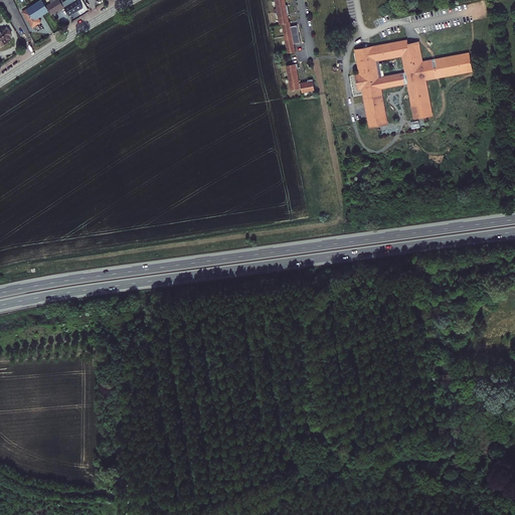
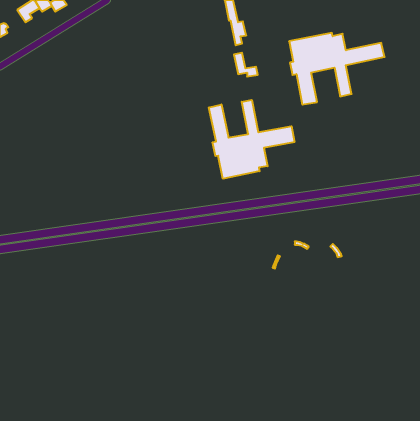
building: none -> [209,100,294,179]

